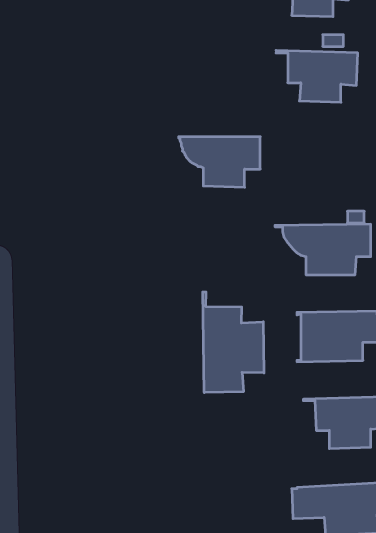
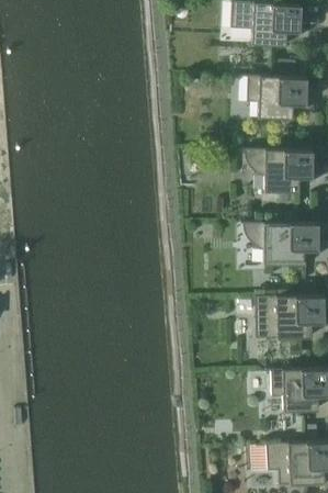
building: [179,137,260,187] -> [244,149,313,192]
building: [203,292,264,393] -> none

